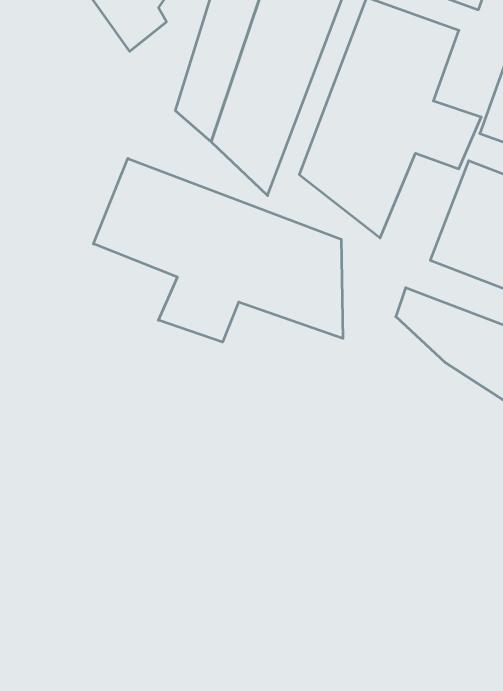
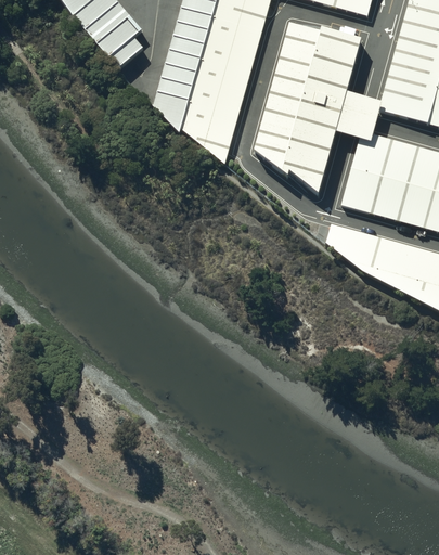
building: [93,158,343,342] -> none

